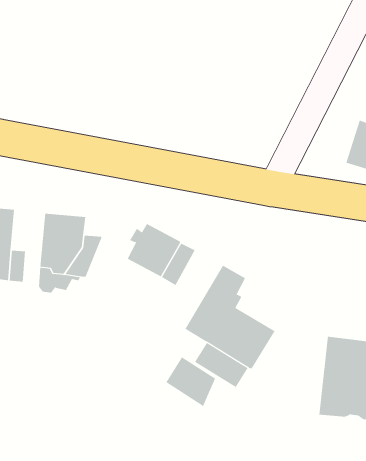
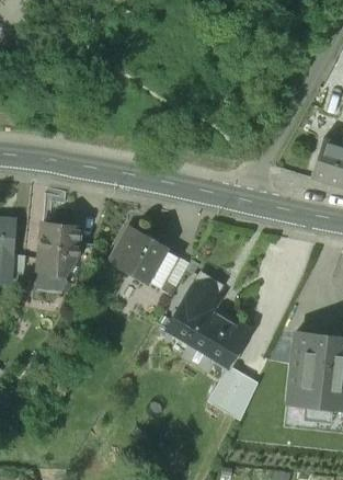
building: [165,356,216,407] -> [207,375,252,420]

